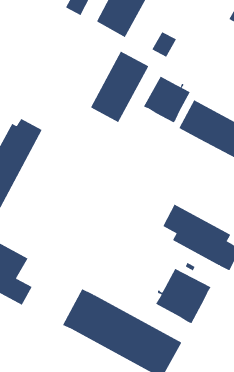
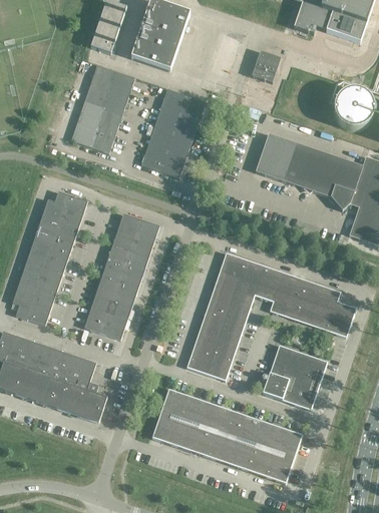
building: none -> [71,64,135,153]
building: [152,32,177,58] -> [252,51,281,82]
building: [143,76,191,123] -> none
building: none -> [84,213,159,340]
building: none -> [186,252,265,381]

